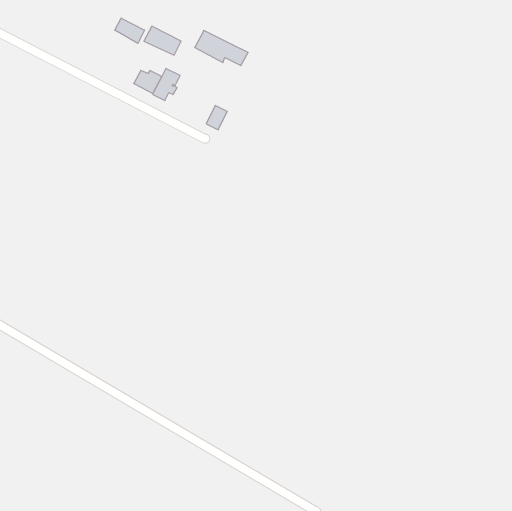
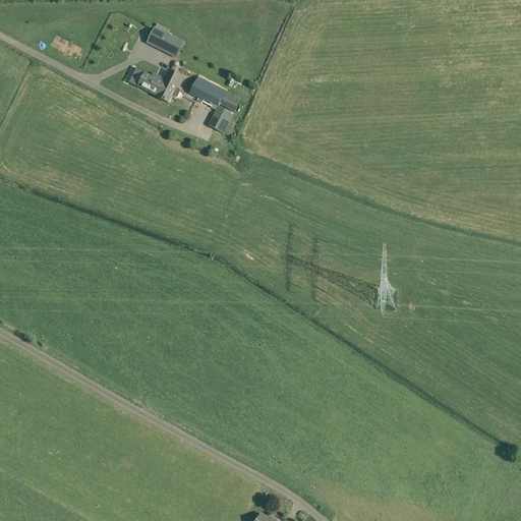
building: [115,18,145,43] -> none
building: [195,30,248,66] -> [187,74,241,110]

